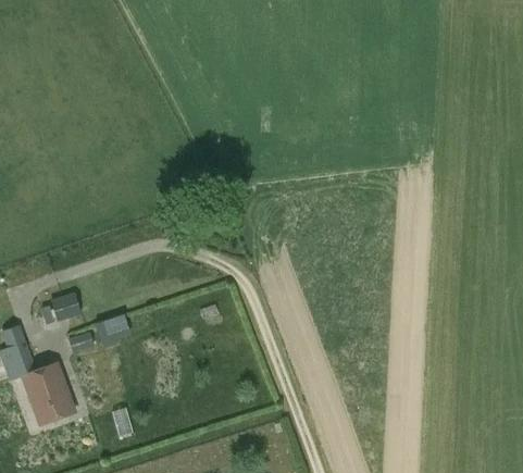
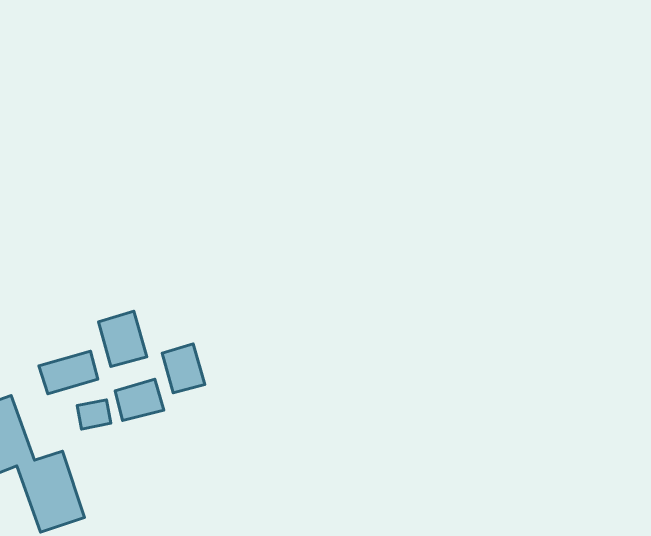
building: none -> [99,311,147,366]
building: none -> [162,344,205,393]

